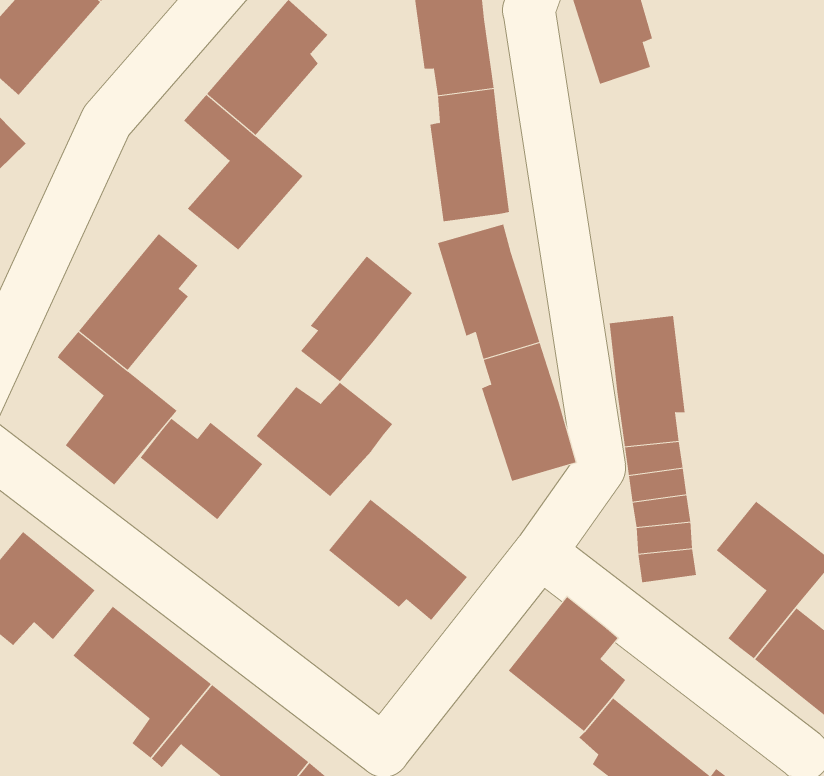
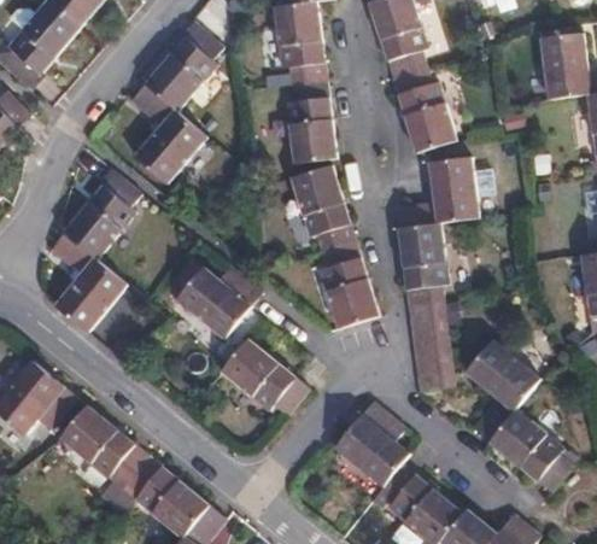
building: none -> [393,66,457,153]
building: none -> [396,157,479,228]
building: [300,256,413,382] -> none
building: [140,418,263,520] -> none

